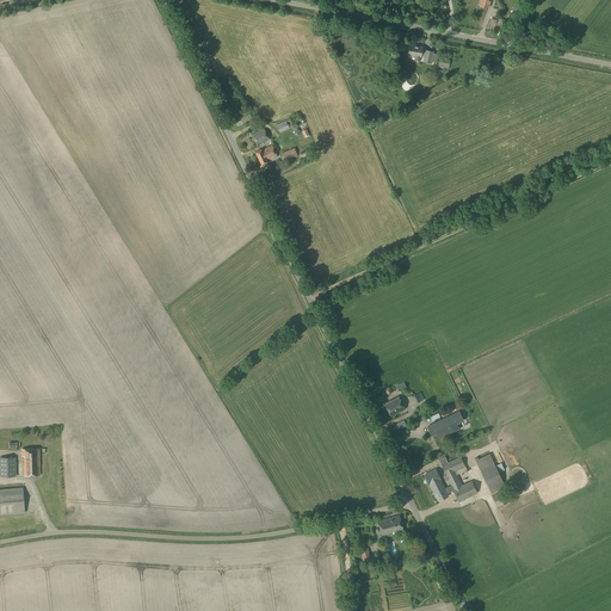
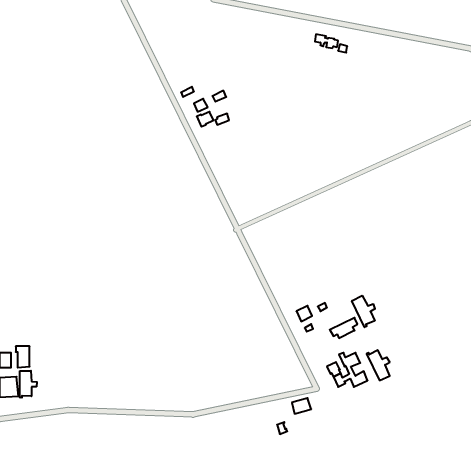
building: none -> [352,296,375,327]
building: none -> [20,371,37,398]

